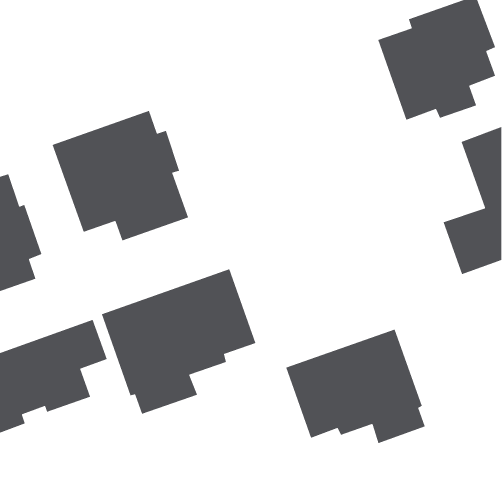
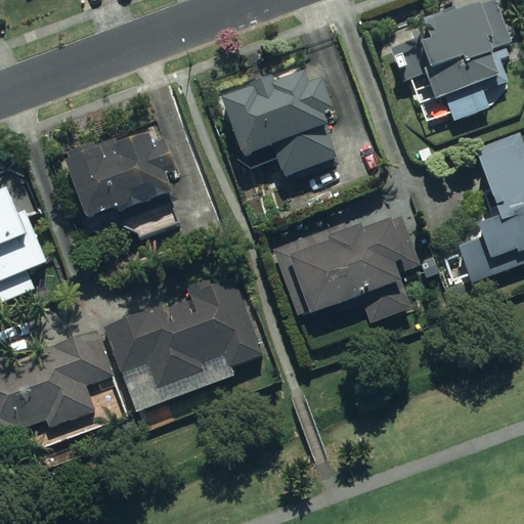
building: none -> [224,67,341,177]
building: none -> [276,211,413,324]
building: [285,328,426,444] -> none

